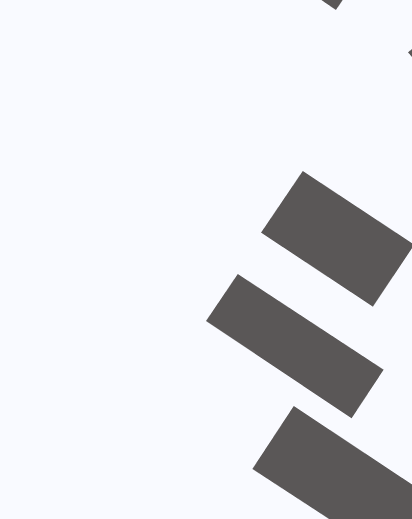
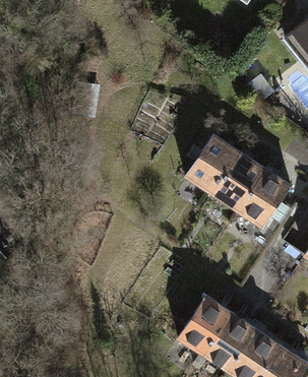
building: [205,273,385,420] -> none

